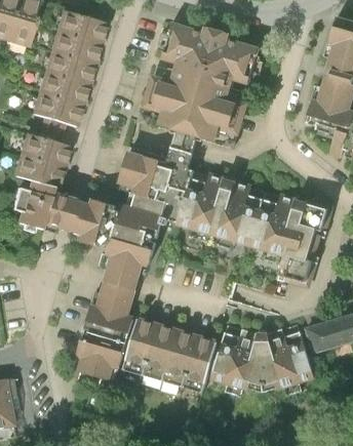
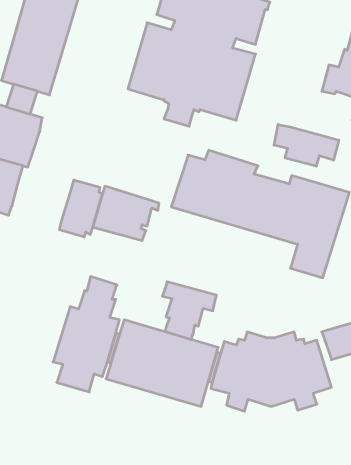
building: [120,147,194,221] -> none
building: none -> [274,124,339,166]
building: [42,194,92,233] -> none
building: [107,239,153,288] -> [162,282,216,340]

